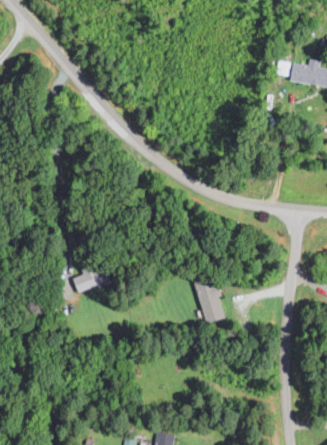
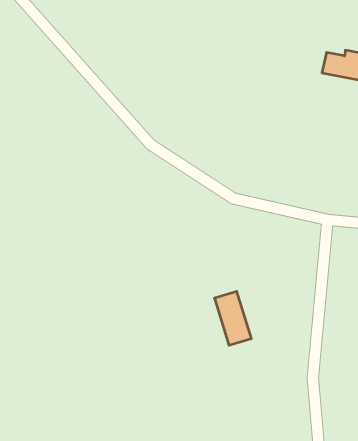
building: [72,265,103,294] -> none

